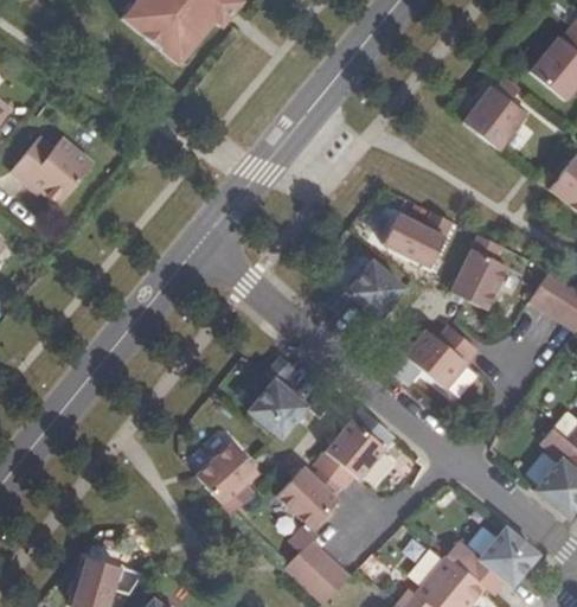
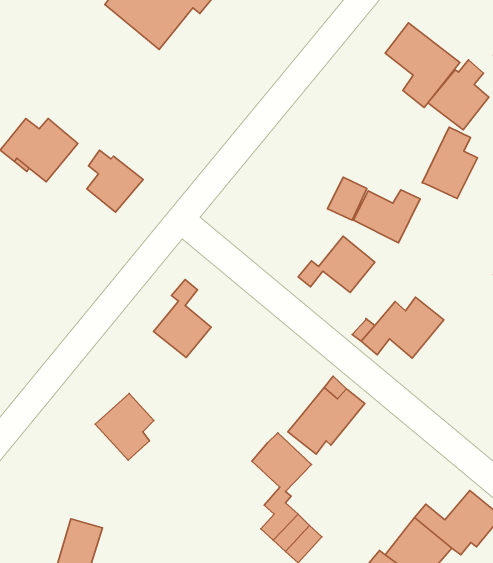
building: none -> [385,23,460,108]
building: none -> [87,150,143,212]
building: [450,235,508,309] -> [422,127,477,199]
building: [248,357,308,439] -> [154,280,211,358]
building: [197,443,258,513] -> [95,393,154,460]

